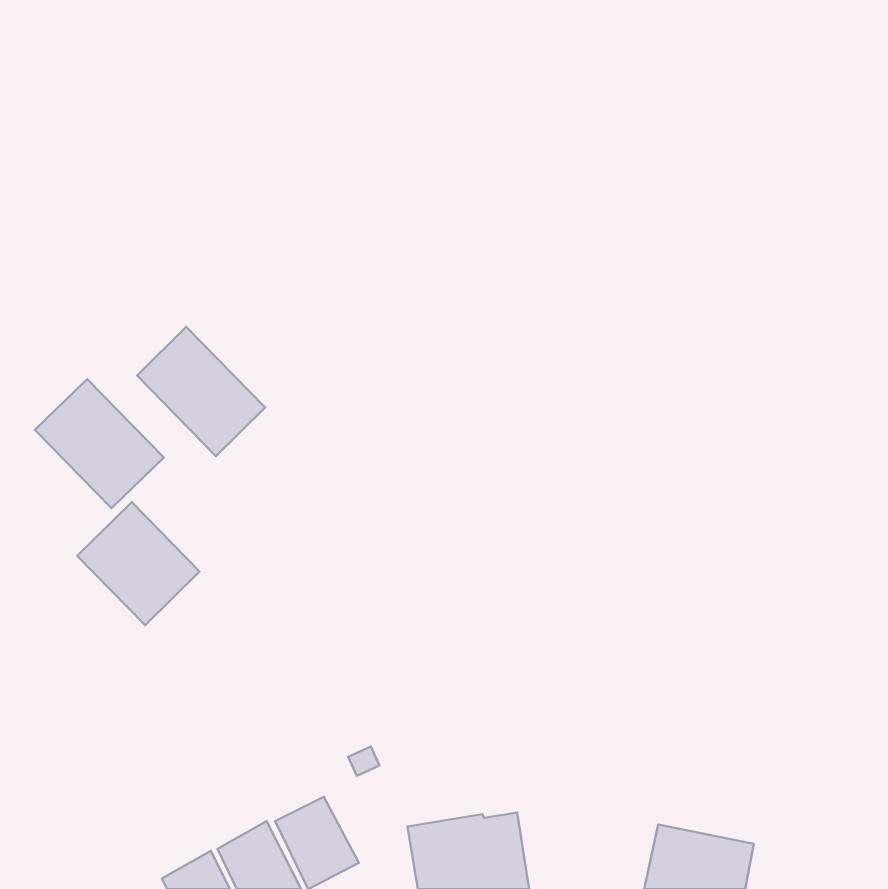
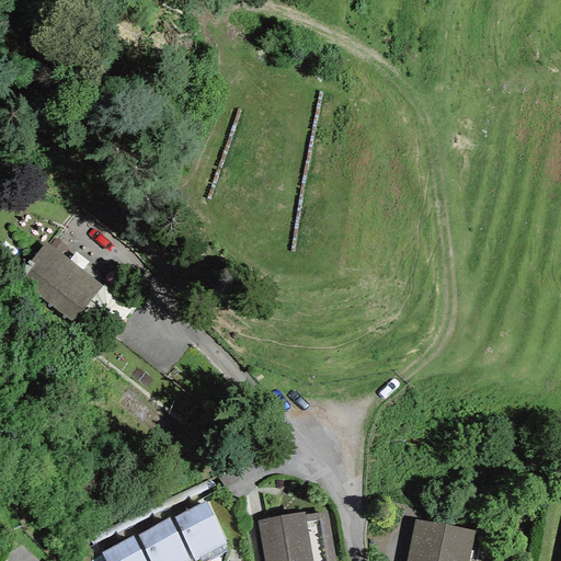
building: [137,327,265,456] -> none
building: [77,502,200,625] -> none

